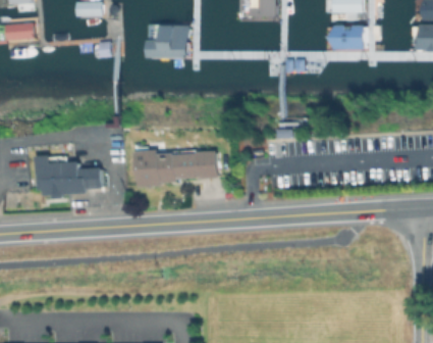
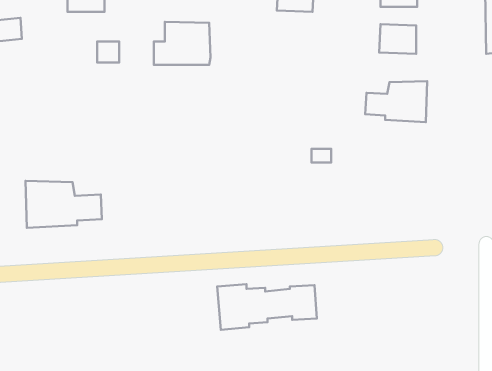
building: none -> [365,81,427,122]
building: [136,149,218,187] -> [217,284,317,330]

